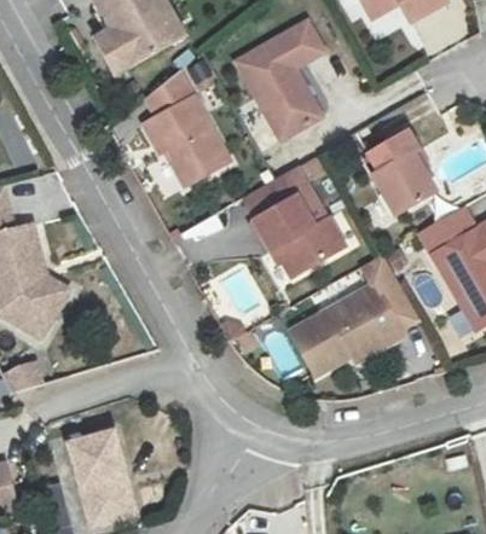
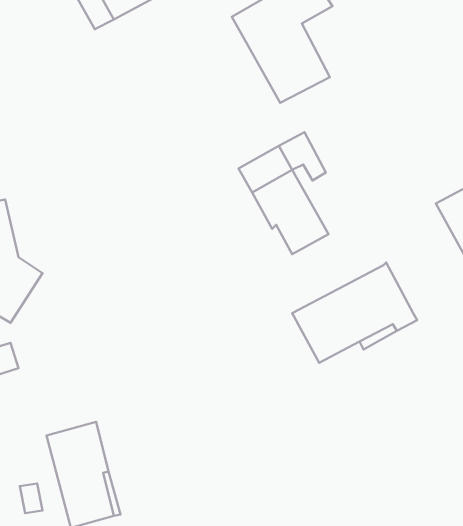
building: [147,69,236,186] -> none
building: [363,132,438,214] -> none
building: [290,196,348,259] -> none
building: [361,255,418,330] -> none

